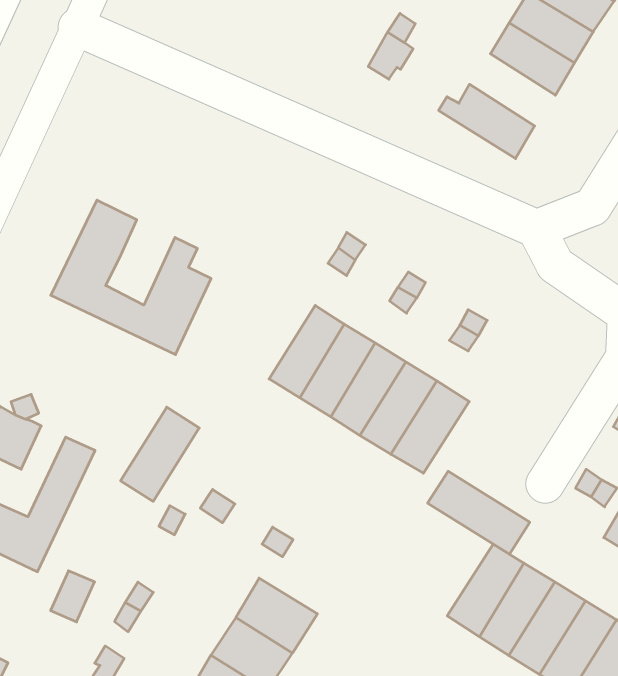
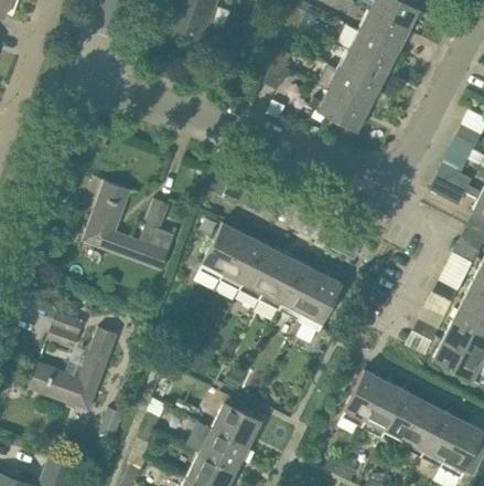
building: none -> [320,70,379,112]
building: [121,407,199,501] -> [198,222,244,281]
building: [428,471,530,554] -> none

